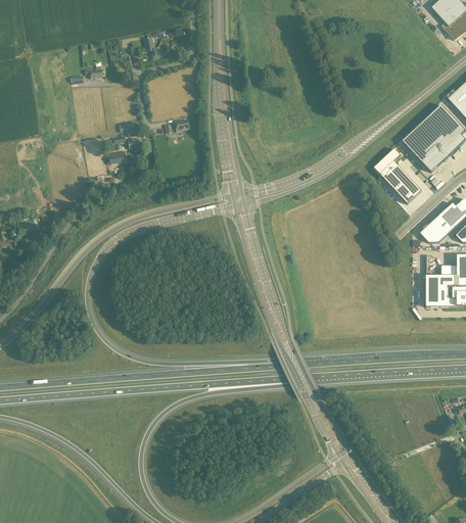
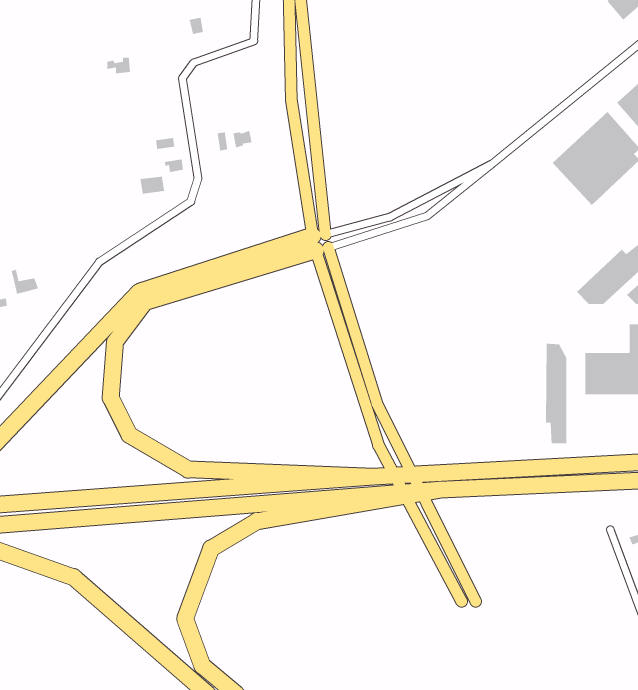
building: [373,147,421,202] -> none
building: none -> [545,343,567,444]

